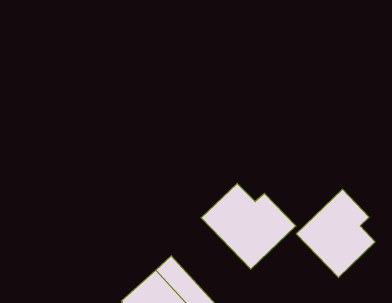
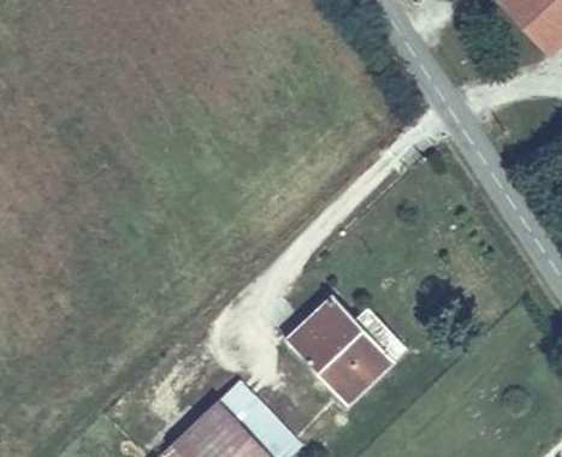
building: [296,189,375,278] -> none

